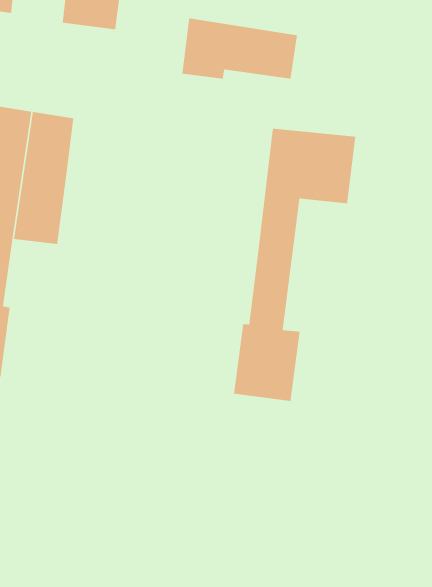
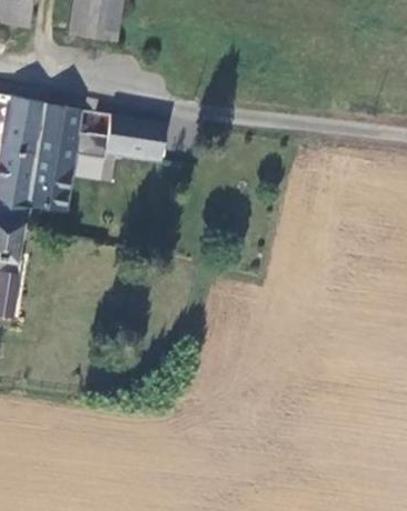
building: [182,17,298,80] -> [70,109,166,160]
building: [233,128,356,402] -> none

